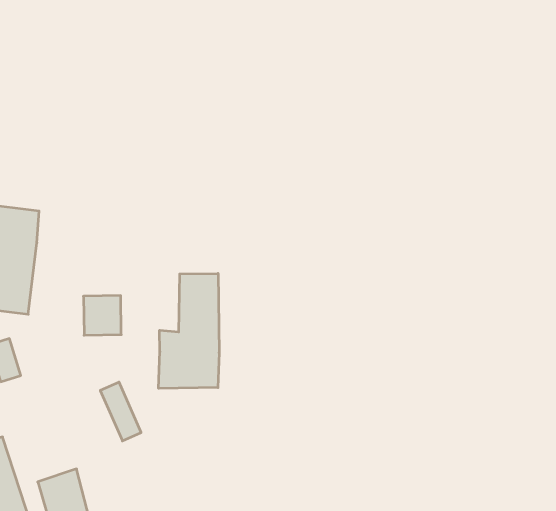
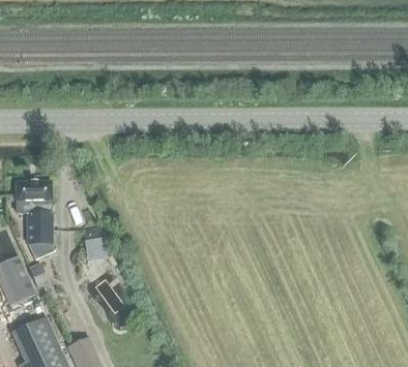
building: [159,273,219,388] -> none

